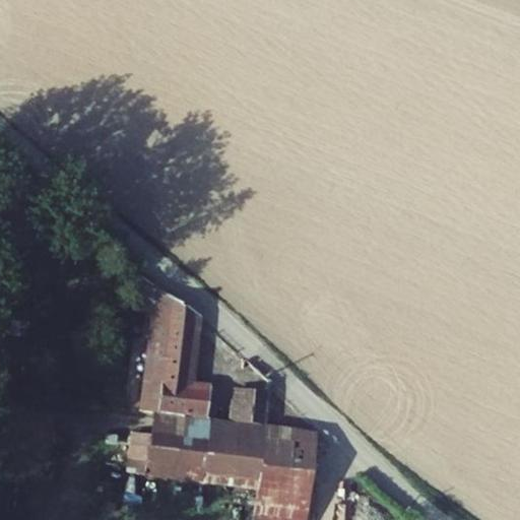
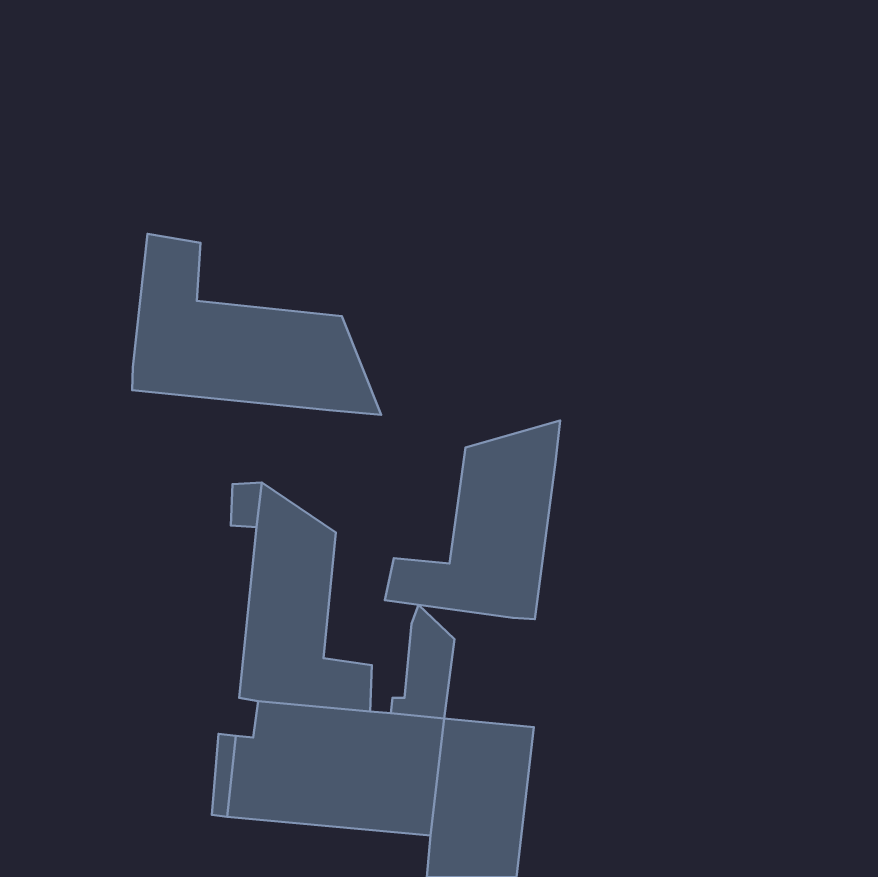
building: none -> [132,234,381,415]
building: none -> [385,421,560,619]

